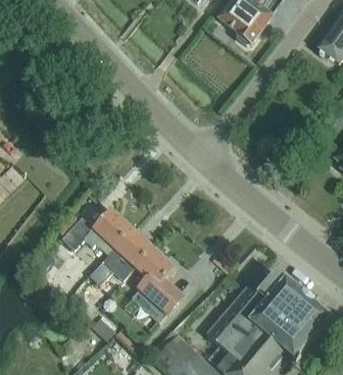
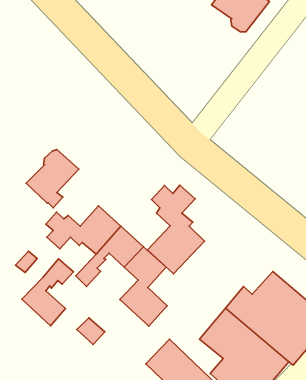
building: none -> [26,149,79,208]
building: none -> [147,185,204,274]
building: none -> [22,259,73,326]

